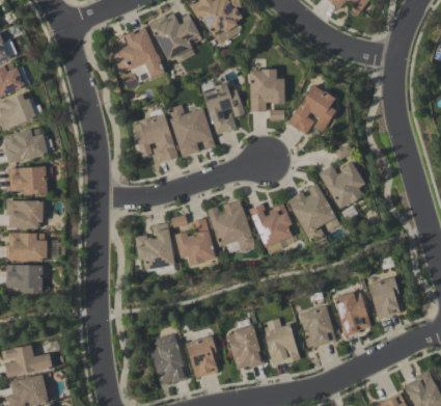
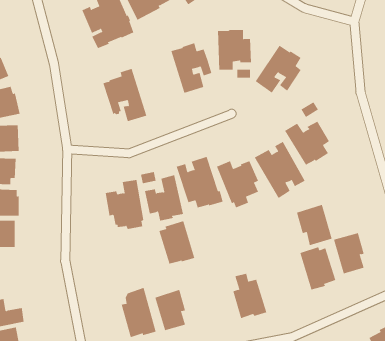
building: [166,105,215,157] -> none
building: [299,305,336,348] -> [296,204,333,246]
building: [226,325,264,370] -> [159,221,195,264]

